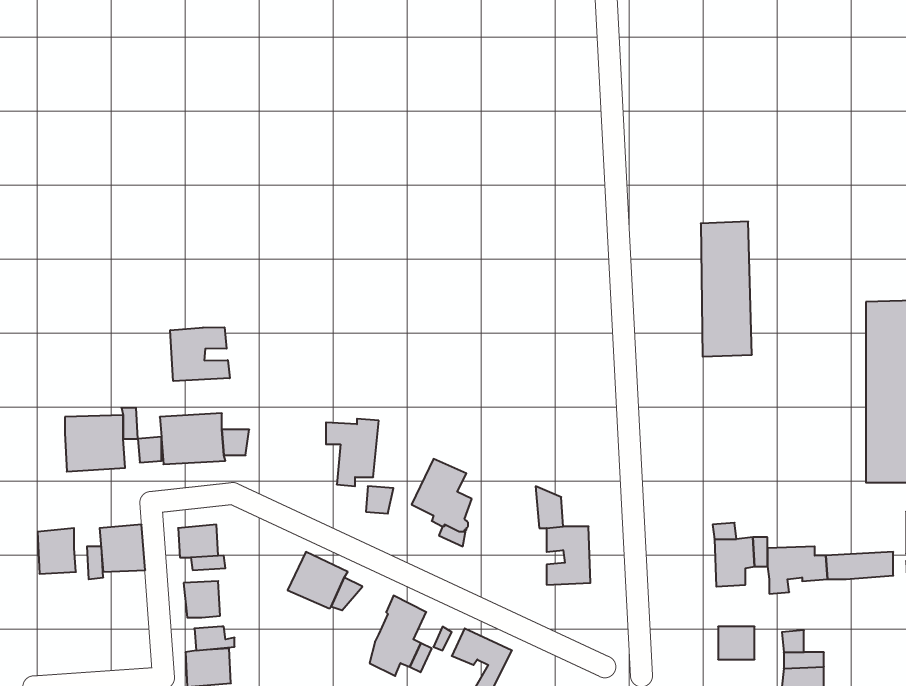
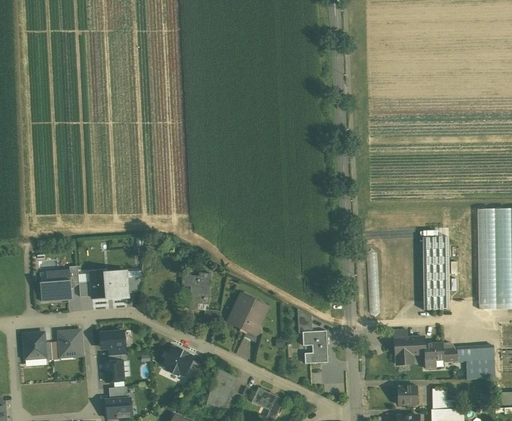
building: [701,222,752,357] -> [422,236,450,310]
building: [170,327,230,381] -> none
building: none -> [466,358,494,378]

